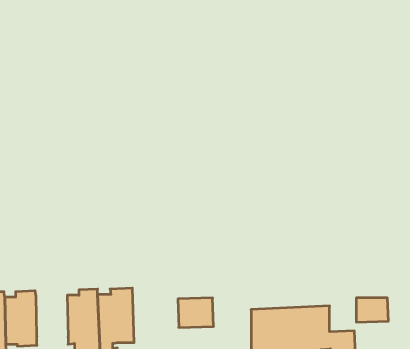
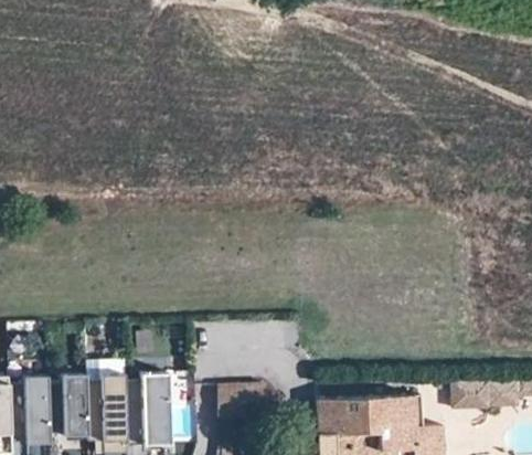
building: none -> [53,375,93,434]

